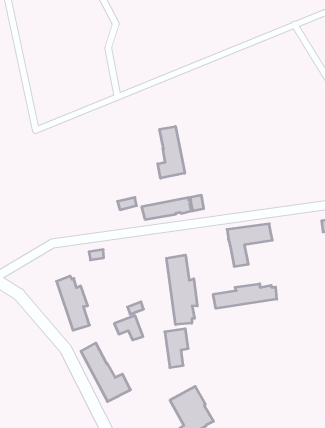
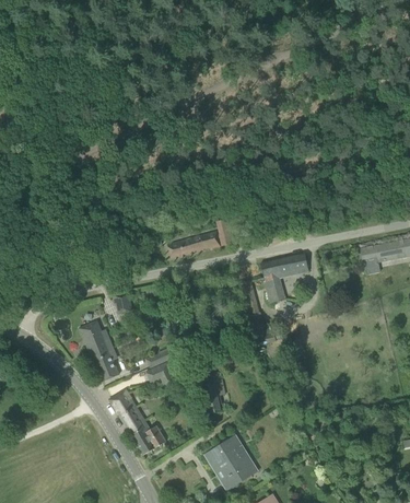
building: [158,126,185,178] -> none
building: [166,255,197,325] -> none
building: [213,284,277,308] -> none

